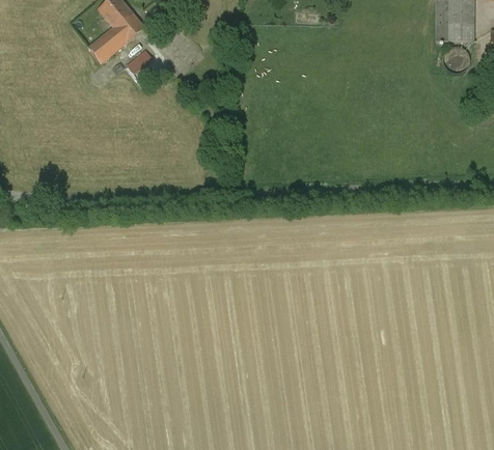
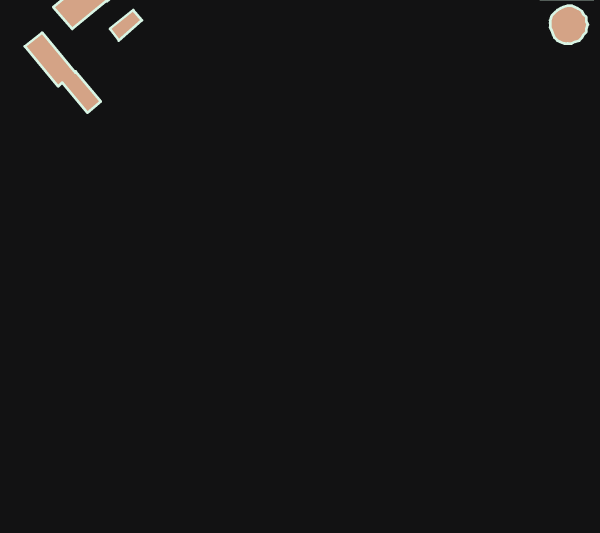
building: none -> [25,33,101,113]

